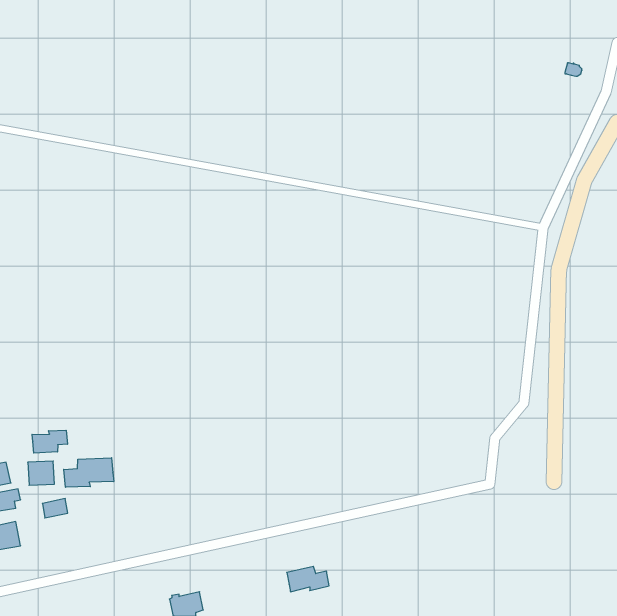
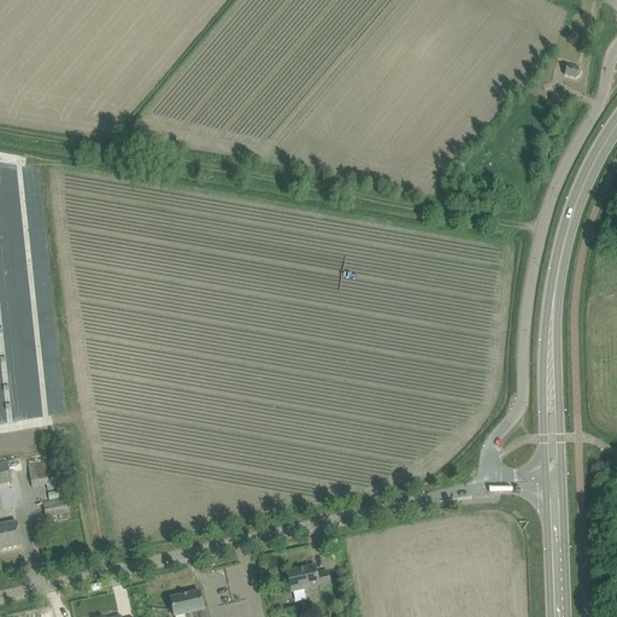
building: [32,430,67,453] -> none
building: [64,458,114,487] -> none

